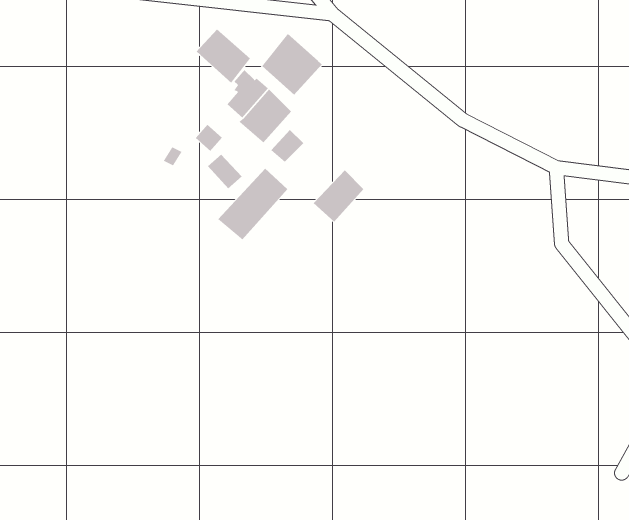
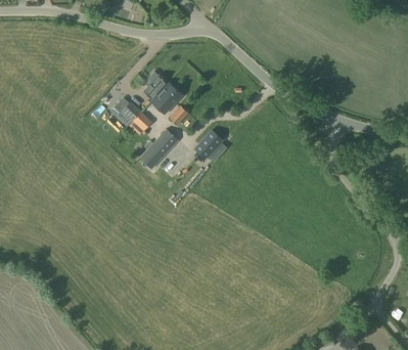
building: [196,28,251,83] -> none
building: [261,33,323,95] -> none

